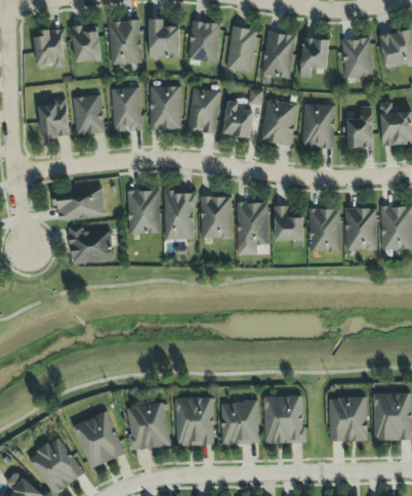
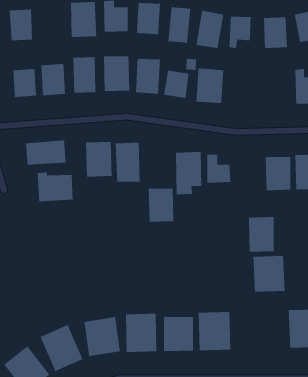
building: [72,26,99,61] -> none
building: [302,105,334,148] -> none
building: [345,106,373,149] -> none
building: [200,197,232,239] -> [148,188,174,223]
building: [308,208,340,252] -> [248,216,274,253]
building: [328,397,368,442] -> [252,255,286,292]

